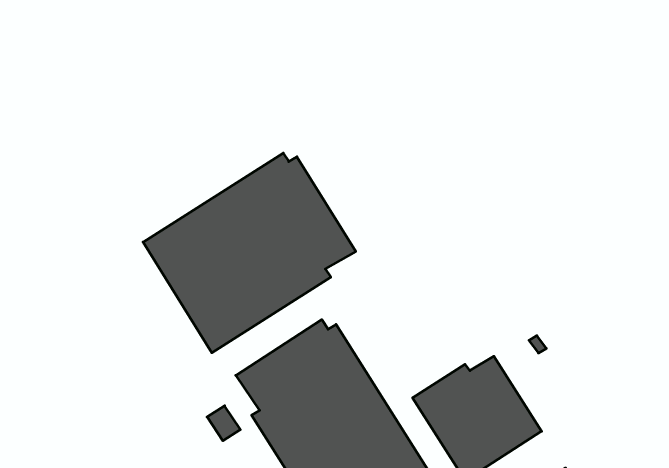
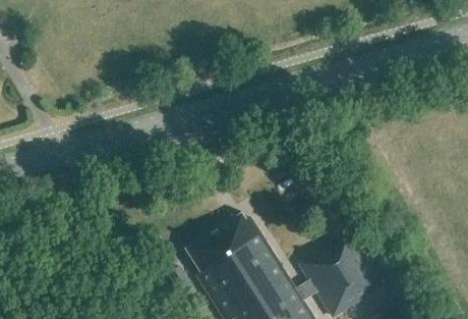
building: [143,153,356,353] -> none

